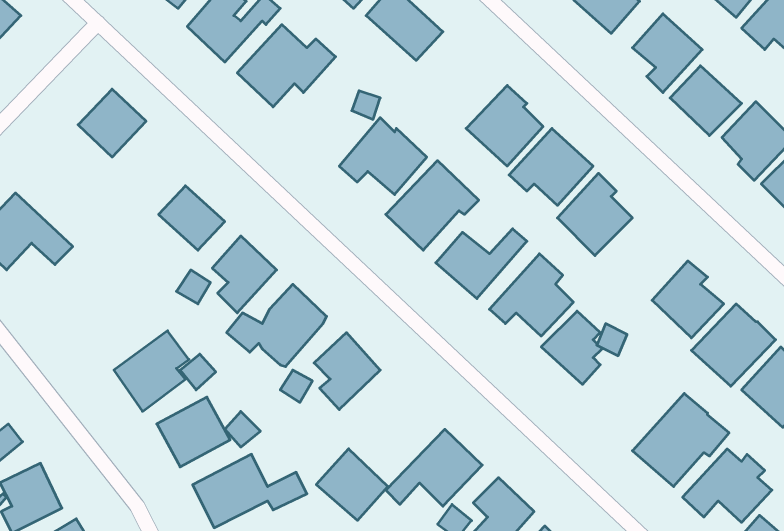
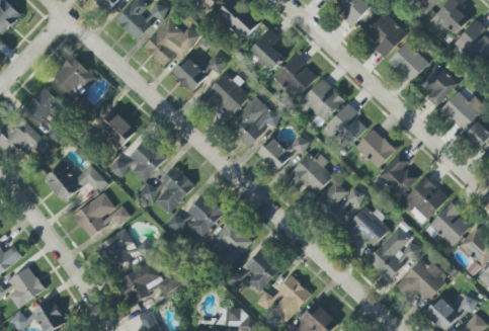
building: none -> [250,28,284,69]
building: none -> [172,57,207,90]
building: none -> [23,86,66,123]
building: none -> [354,128,395,167]
building: none -> [43,162,106,201]
building: none -> [343,204,389,247]
building: [316,449,388,520] -> [211,220,251,260]

